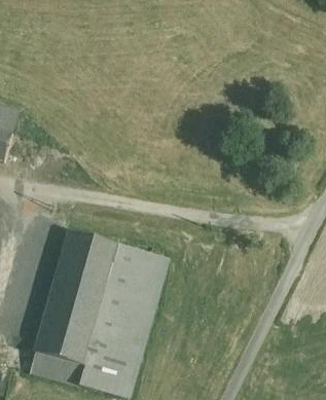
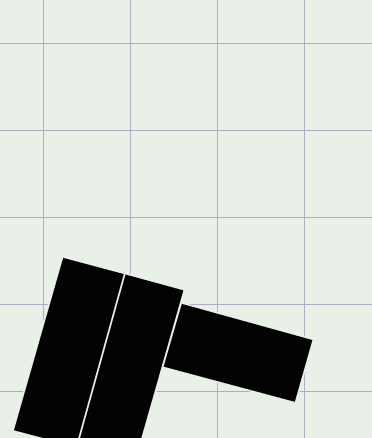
building: none -> [162,303,313,403]

